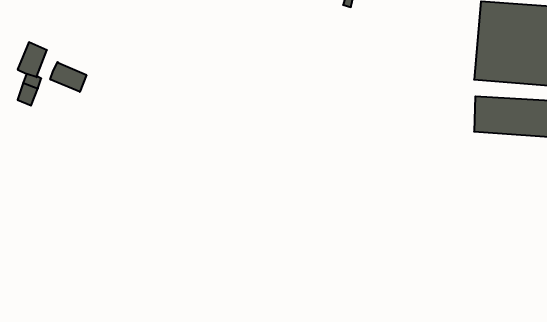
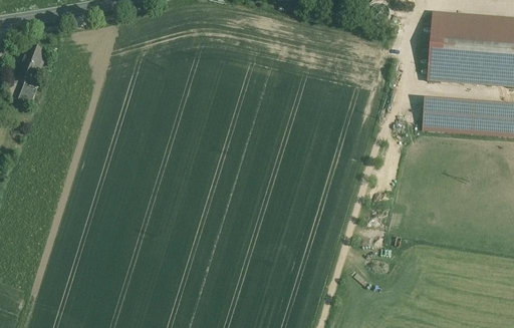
building: [50,62,86,92] -> none

